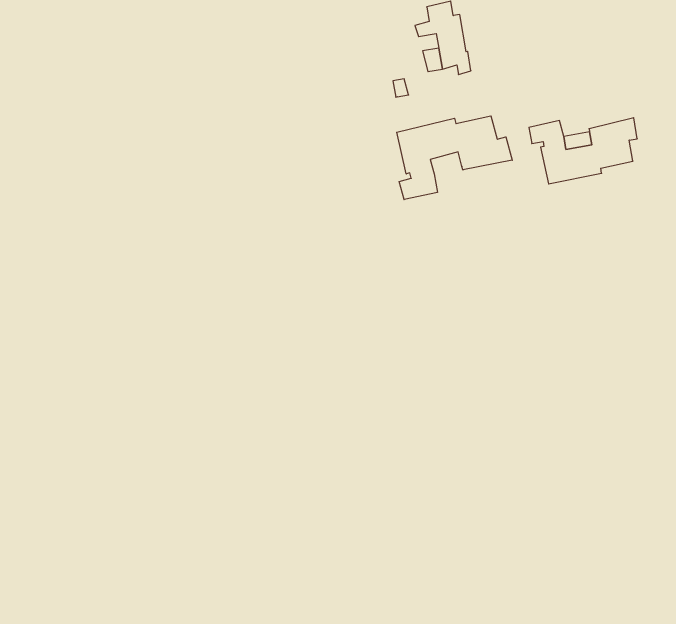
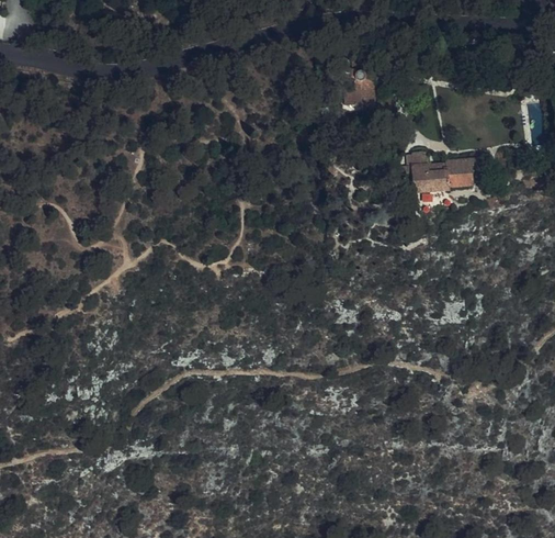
building: [397,116,512,200] -> none

